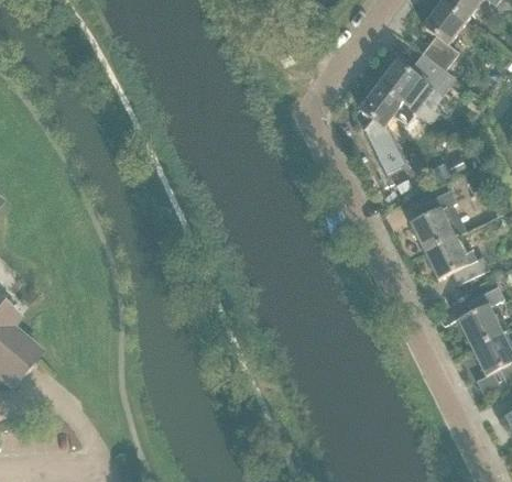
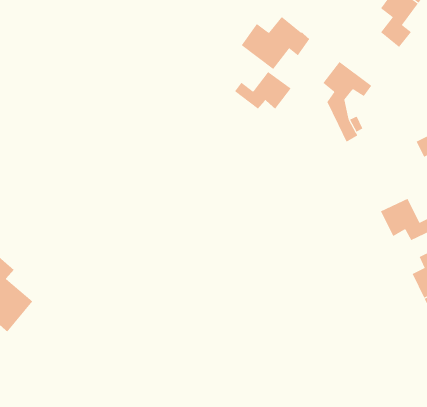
building: [379,51,456,110] -> [241,16,310,70]
building: none -> [234,71,291,110]
building: [411,187,457,249] -> none

